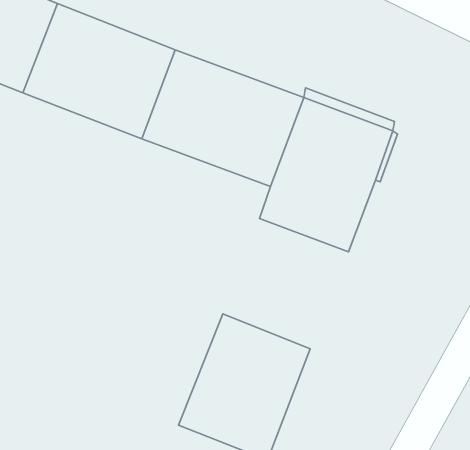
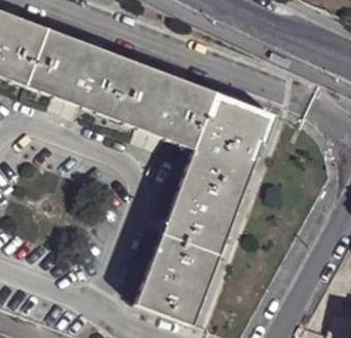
building: none -> [162,170,243,254]

